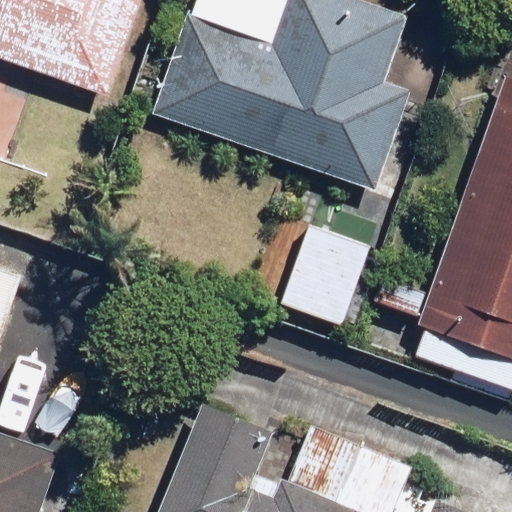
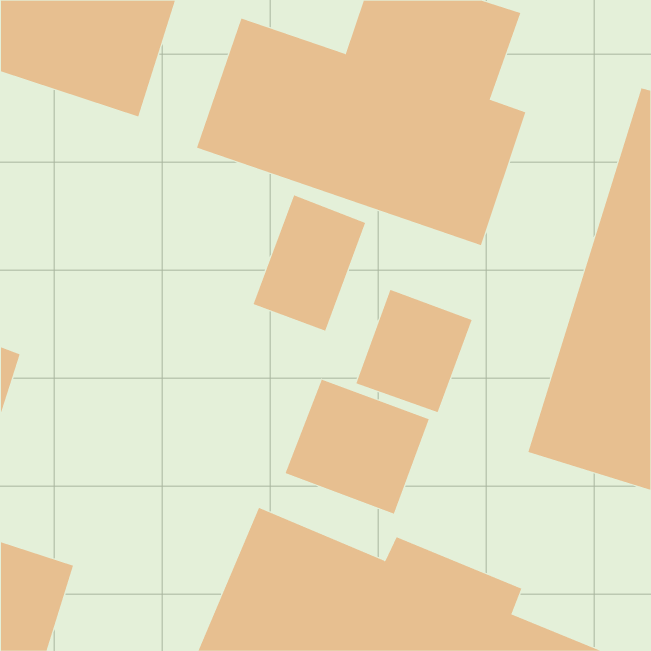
building: none -> [253,194,366,331]
building: none -> [285,379,430,514]

